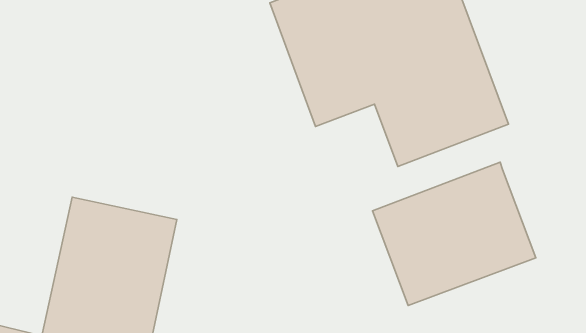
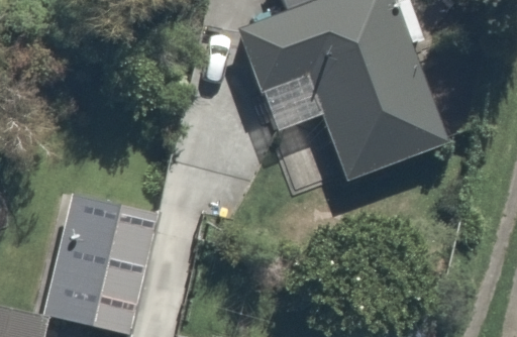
building: [373,162,536,305] -> none

